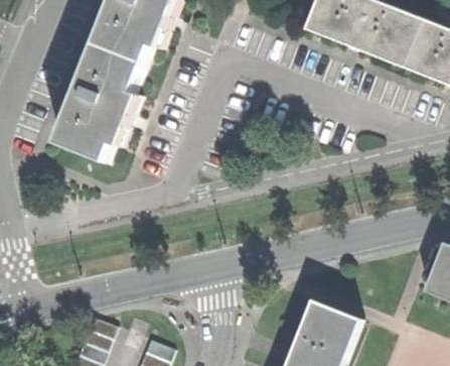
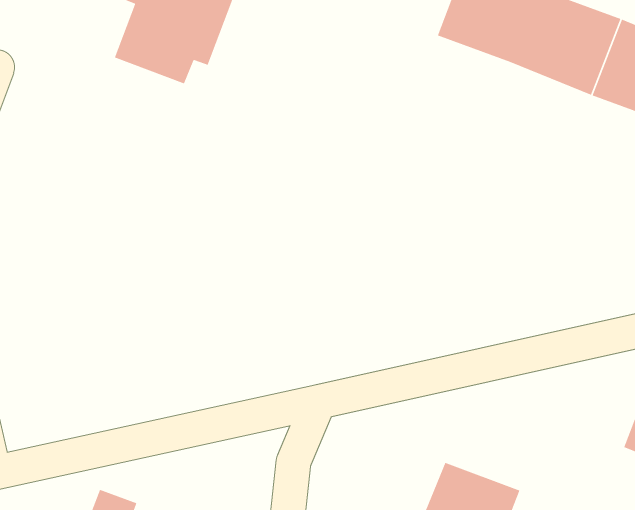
building: [57,42,143,159] -> none

